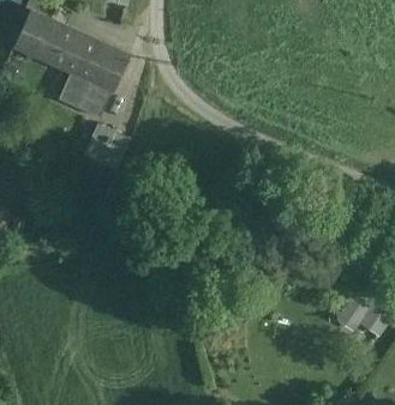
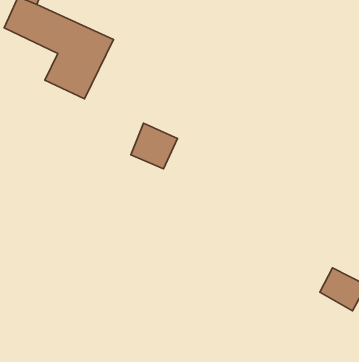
building: [82,122,130,169] -> [131,123,177,169]

